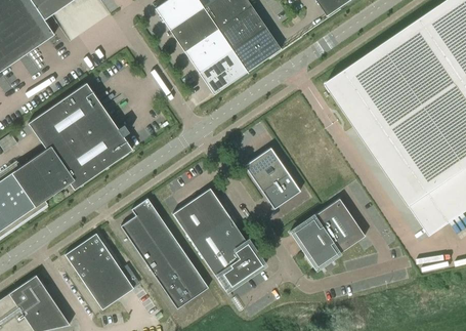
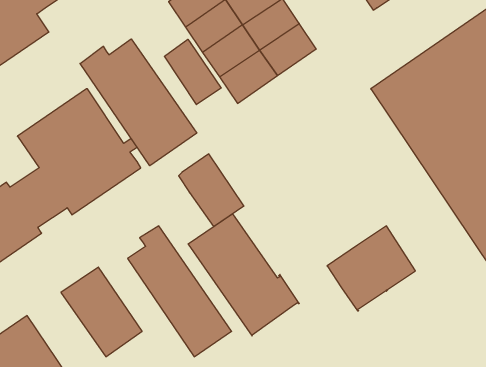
building: none -> [80,39,197,166]
building: none -> [164,39,221,105]
building: [245,148,300,209] -> [179,154,244,227]

